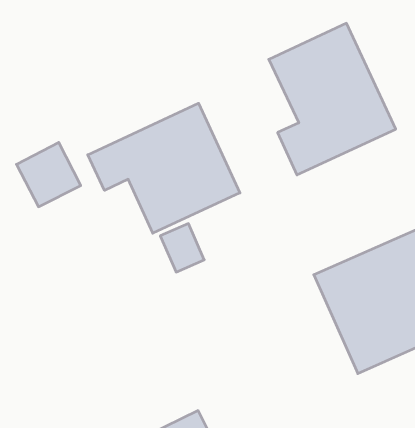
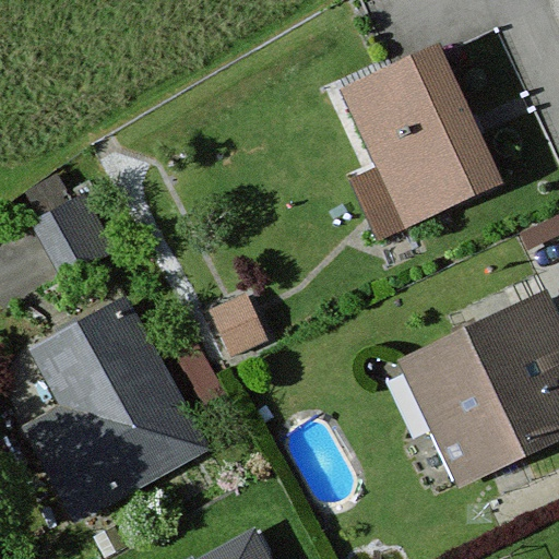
building: [88,103,240,233] -> none
building: none -> [24,302,201,515]

